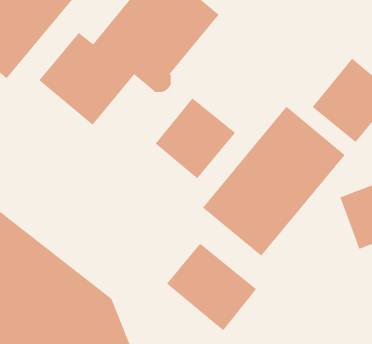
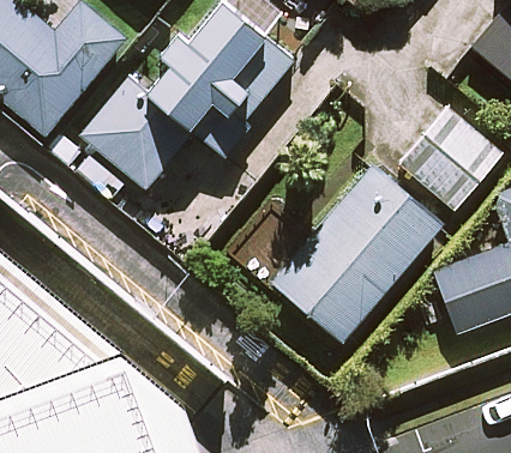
building: [155,98,236,179] -> none
building: [166,243,257,331] -> none

